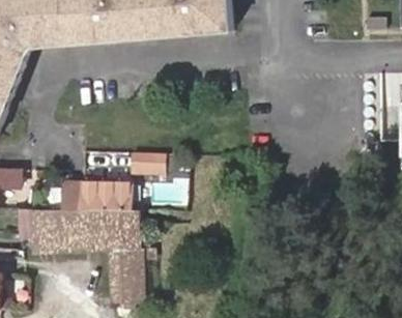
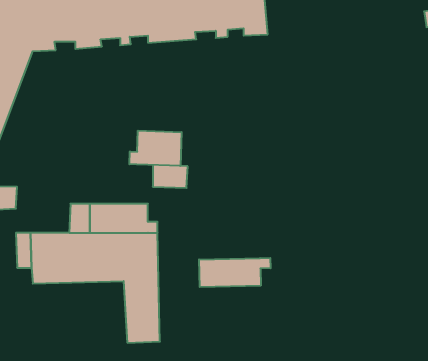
building: none -> [129,131,182,166]
building: none -> [199,258,271,287]

